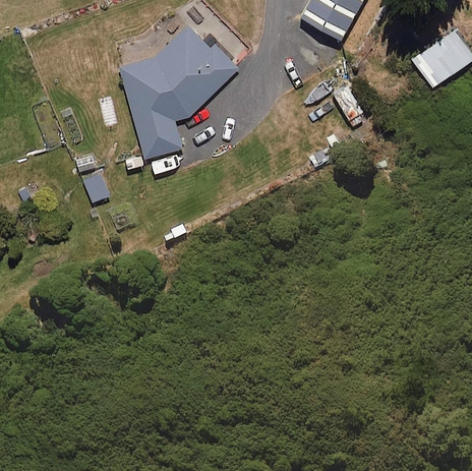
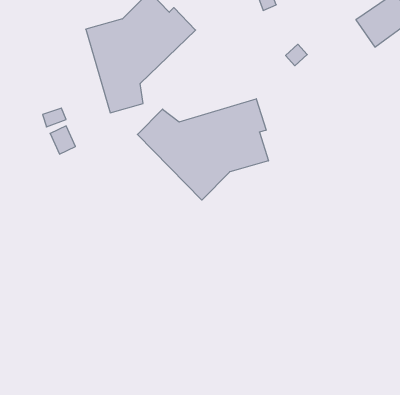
building: none -> [137,99,268,200]

